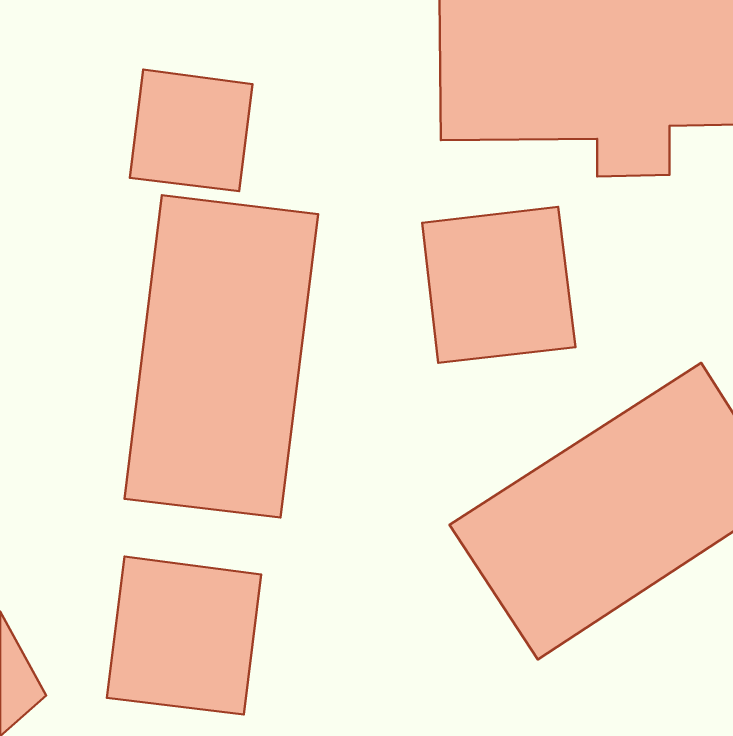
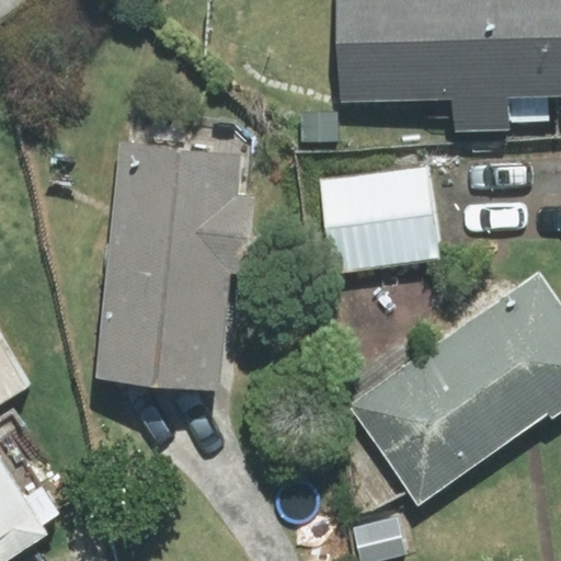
building: [130,70,253,191] -> none
building: [107,556,261,714] -> none

